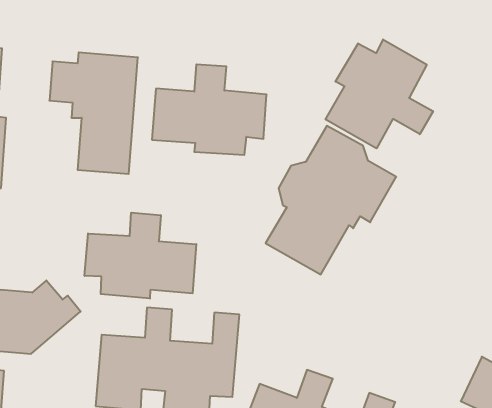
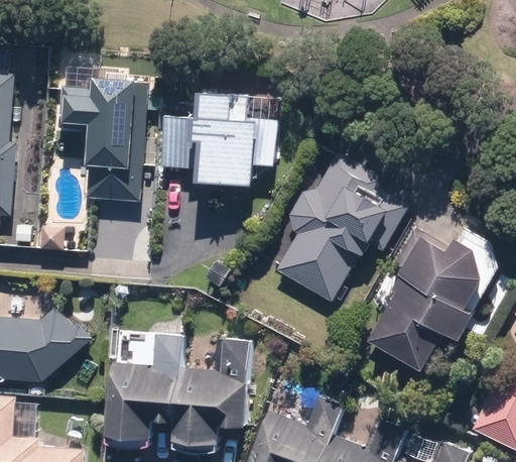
building: [326,39,433,148] -> none
building: none -> [369,228,497,367]
building: [85,213,196,299] -> none

